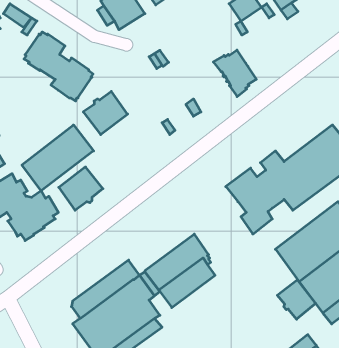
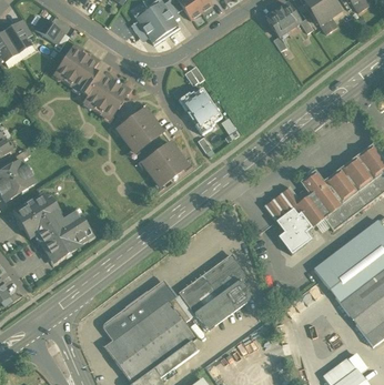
building: [213,50,256,97] -> [178,87,222,134]
building: [22,125,94,191] -> none
building: [59,167,103,210] -> [142,142,188,186]
building: [277,280,316,319] -> none

